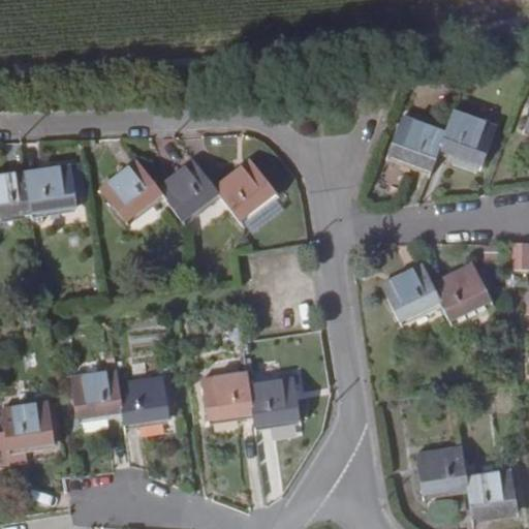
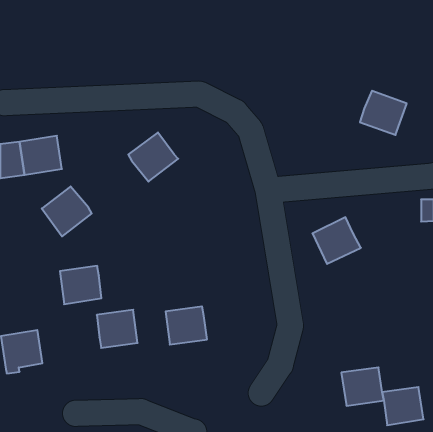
building: [388,117,444,172] -> none
building: [213,161,273,220] -> none
building: [100,162,161,223] -> [42,186,92,236]
building: [431,264,490,321] -> none
building: [71,372,122,418] -> [60,266,101,304]
building: [249,378,299,425] -> none

